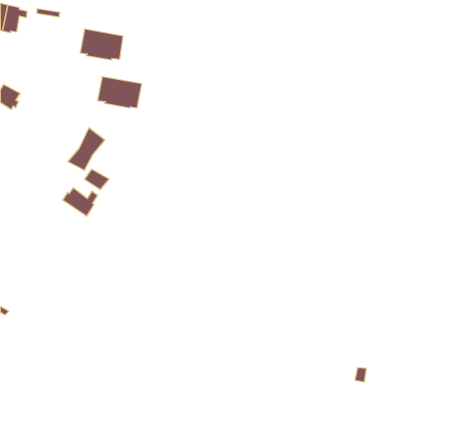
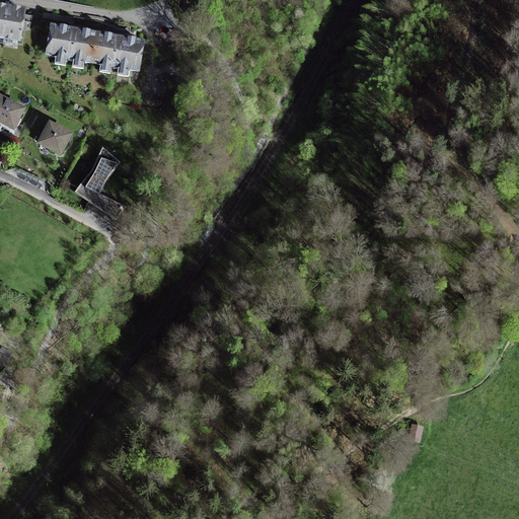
building: [98,77,142,108] -> [47,25,97,61]
building: none -> [41,123,70,152]
building: [63,188,97,216] -> none

